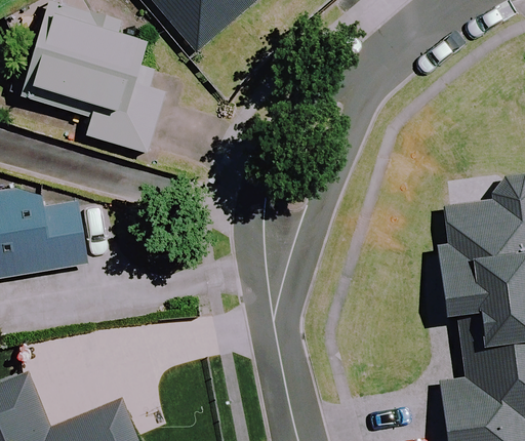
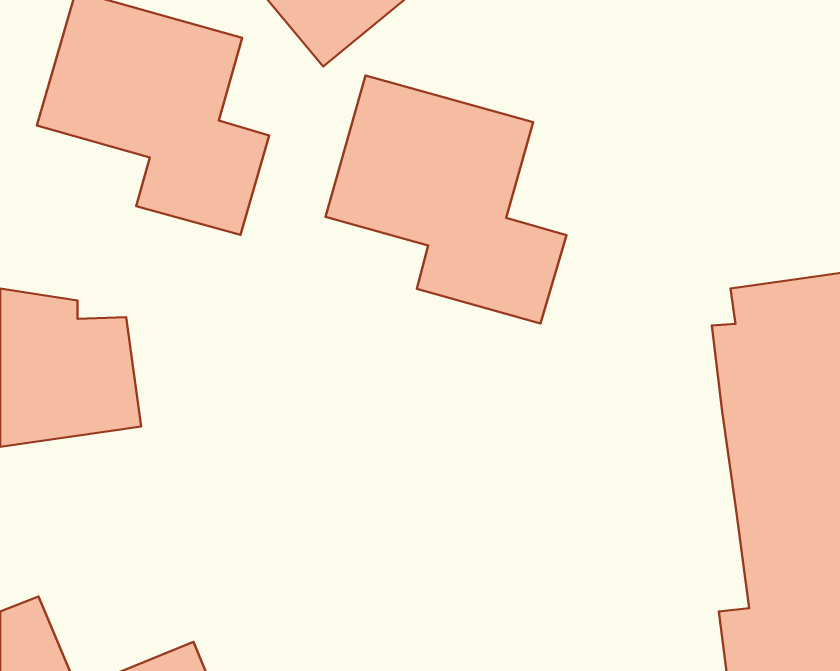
building: none -> [325,75,566,323]

